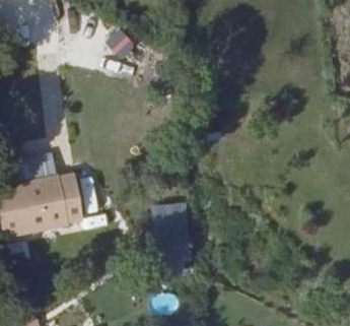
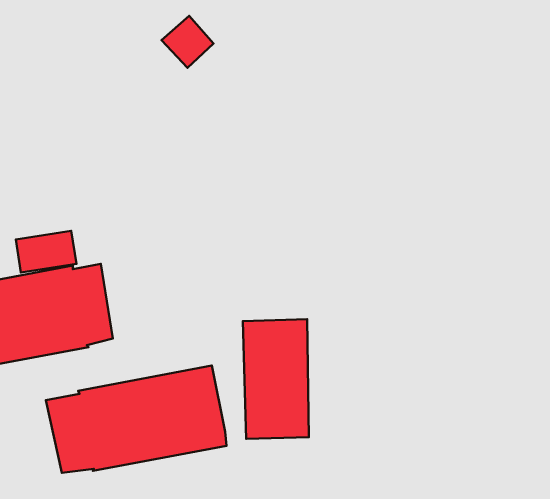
building: none -> [46,366,227,473]

